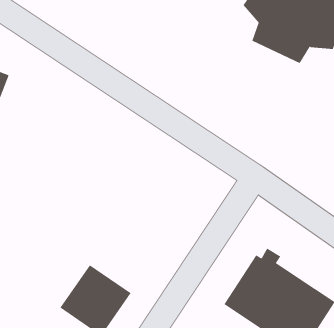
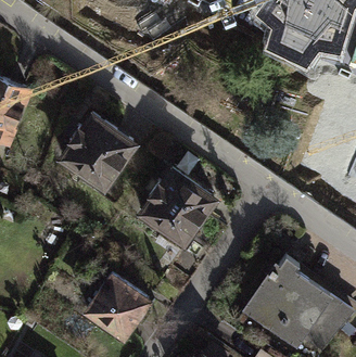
building: none -> [55,109,139,193]
building: none -> [131,163,217,248]

